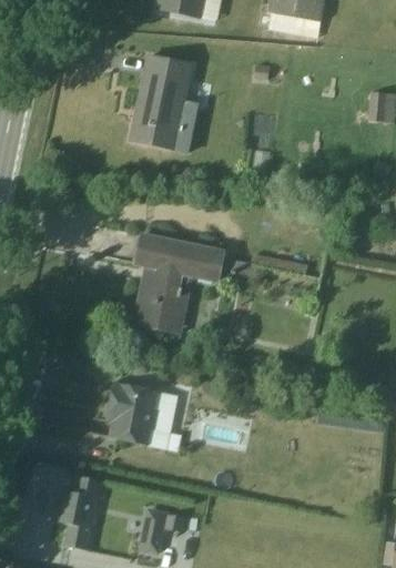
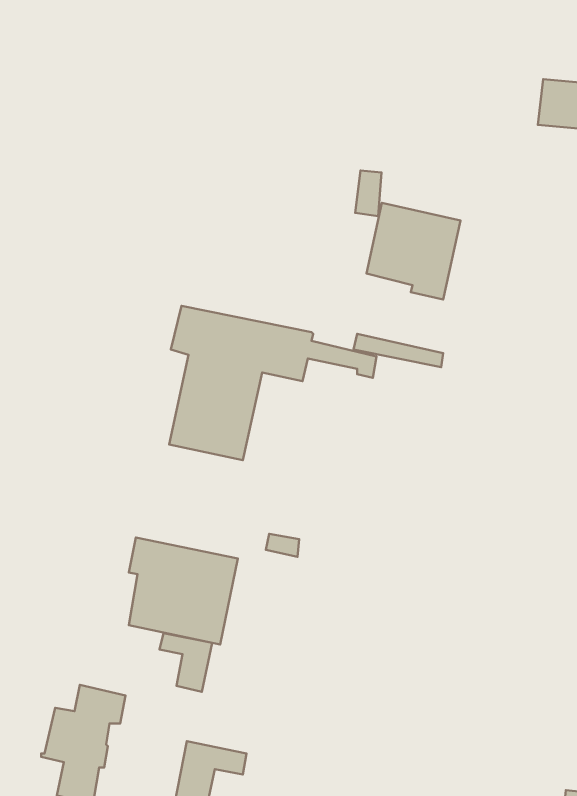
building: [131,54,197,151] -> none
building: none -> [367,203,461,299]
building: none -> [160,633,212,692]

